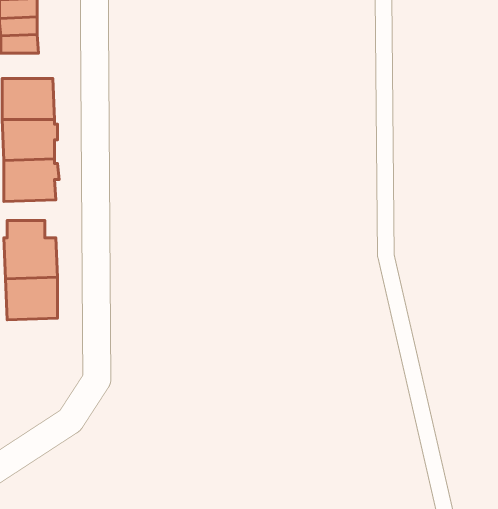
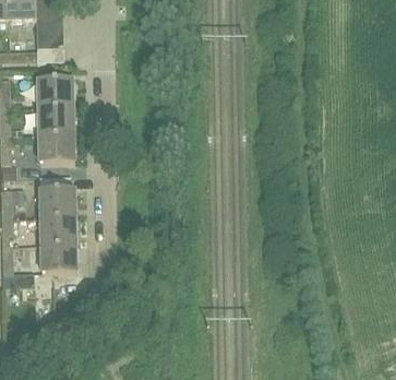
building: none -> [40,241,76,271]

